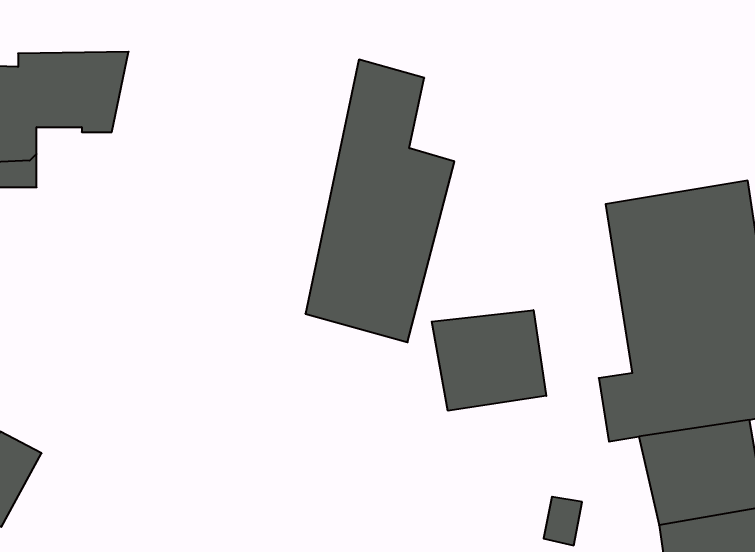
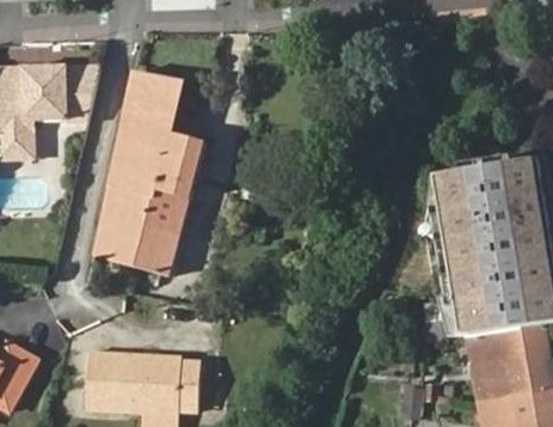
building: [305,60,454,342] -> [94,72,201,274]
building: [432,310,546,411] -> none
building: none -> [86,343,204,413]

